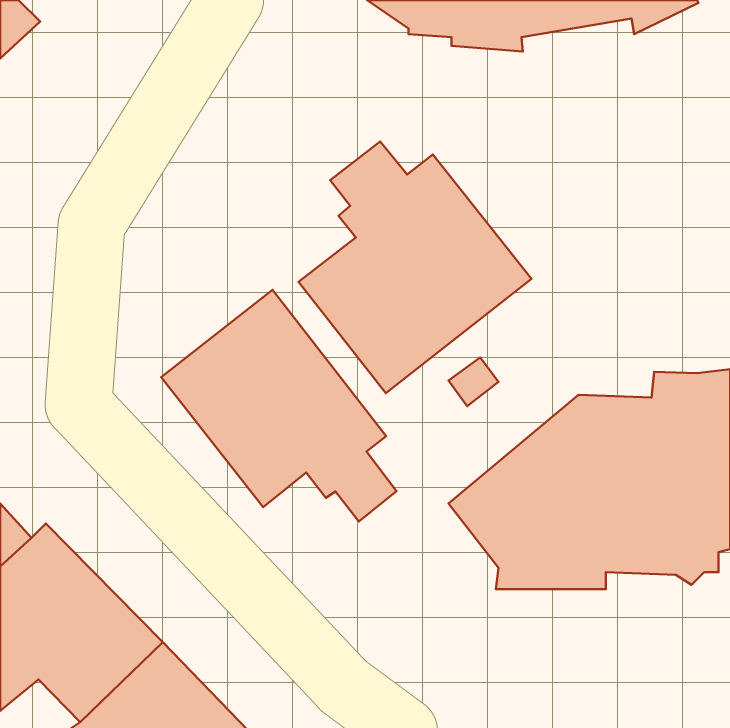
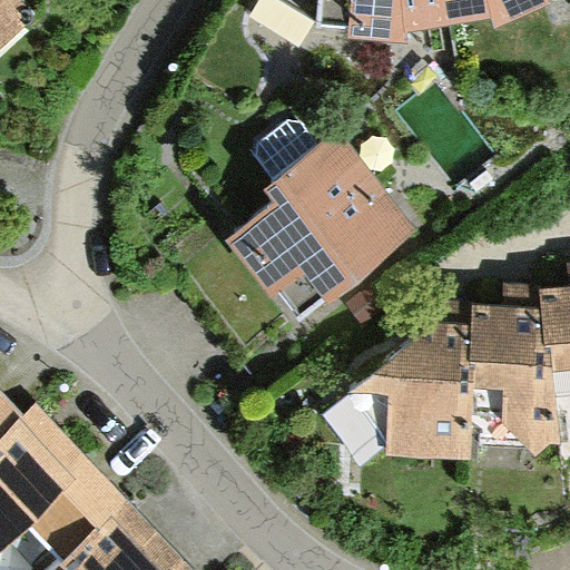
building: [161,290,397,521] -> none

